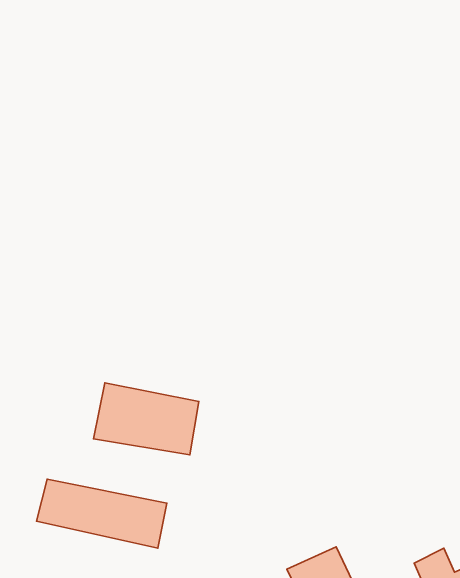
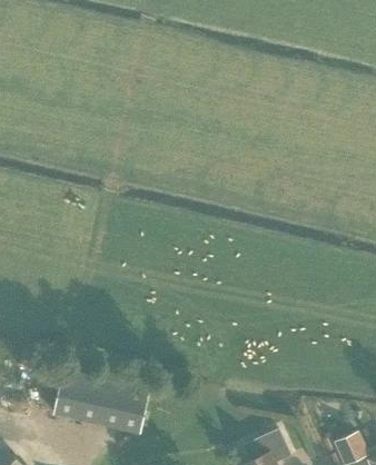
building: [94,383,199,455] -> none

